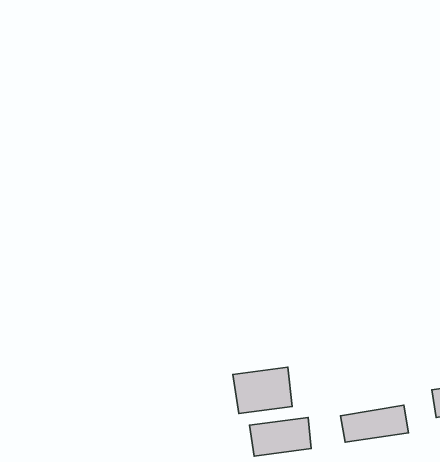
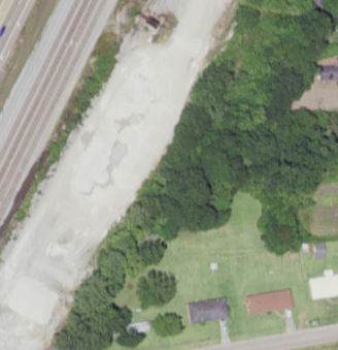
building: [233,367,292,413] -> none

